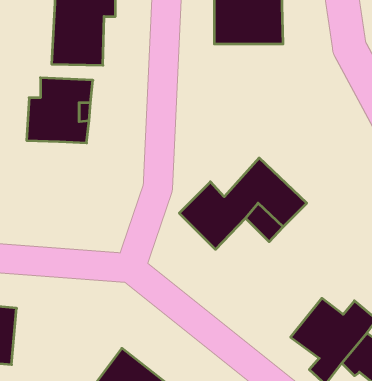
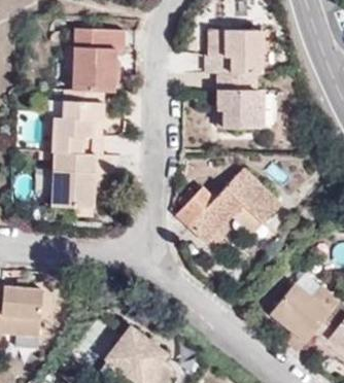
building: none -> [217,73,265,128]
building: none -> [51,153,110,208]

